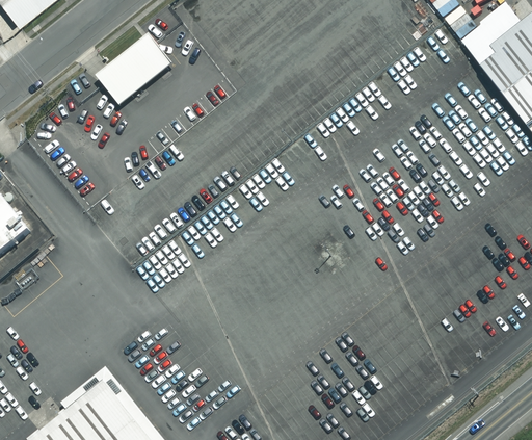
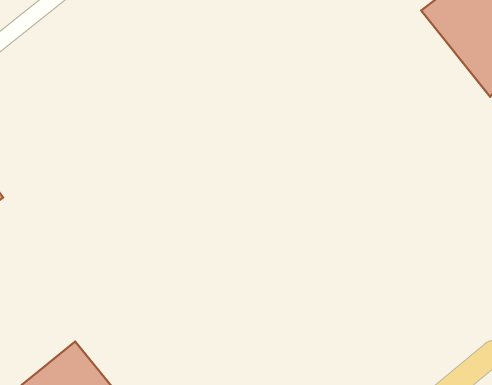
building: [99,35,174,106] -> none

